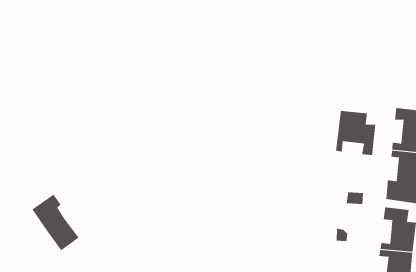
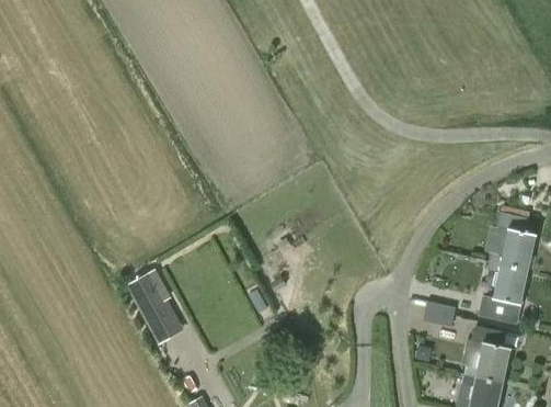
building: [336,110,376,156] -> none
building: [32,194,79,251] -> [126,270,177,337]

